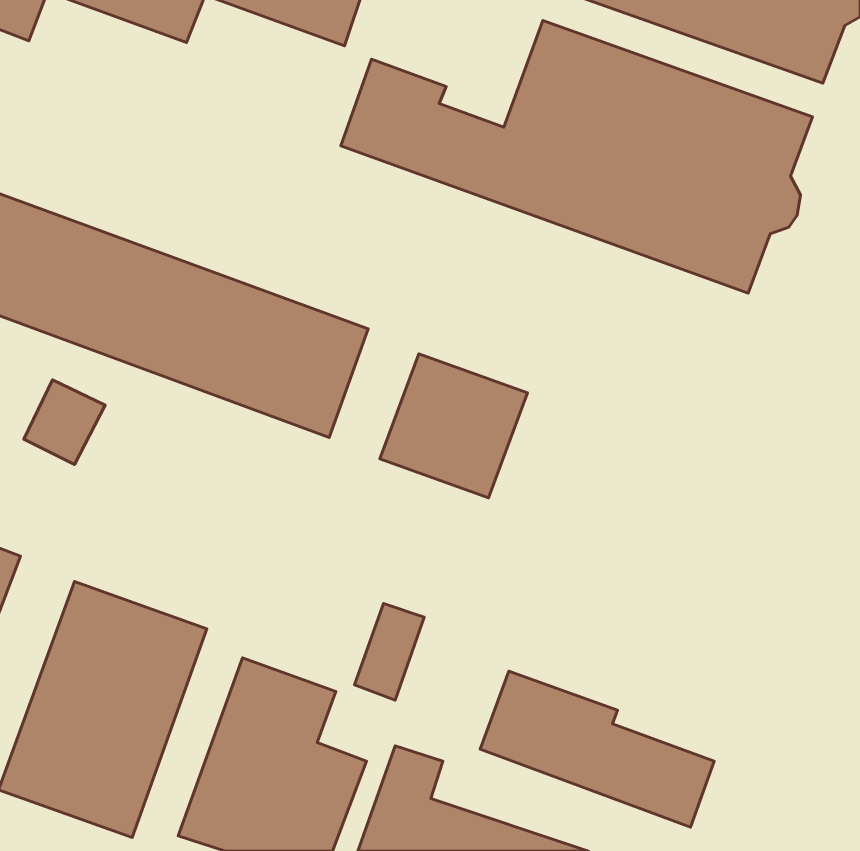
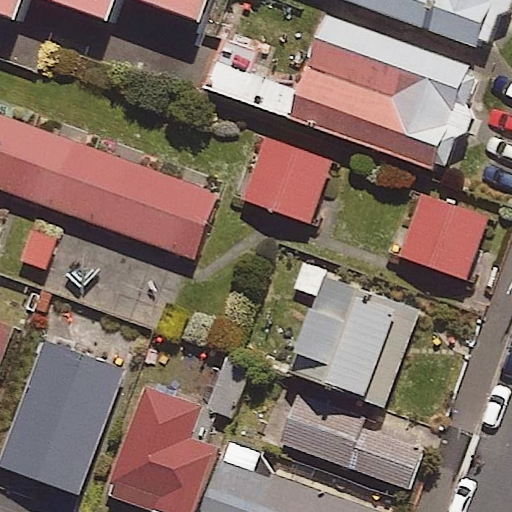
building: none -> [386,190,490,280]
building: [380,354,528,498] -> [245,137,332,222]
building: none -> [288,257,418,410]

